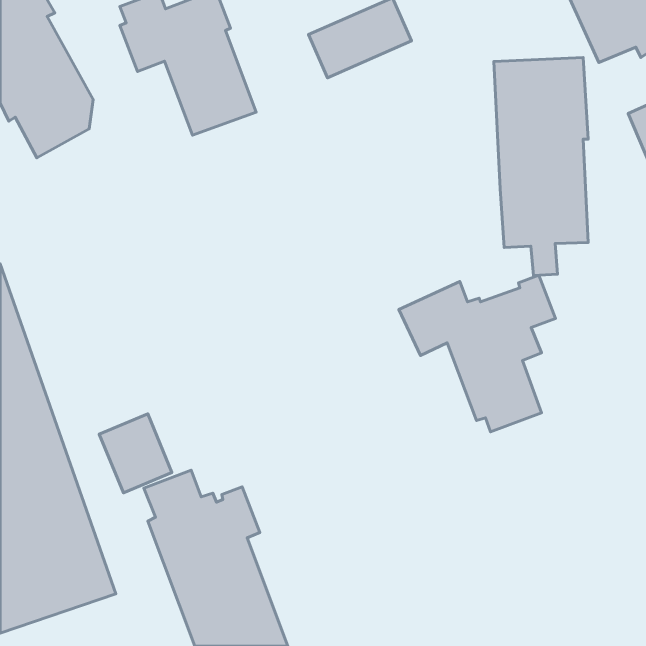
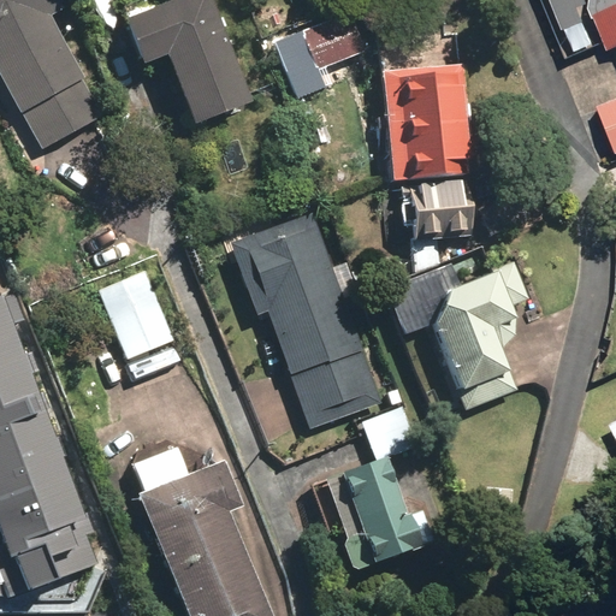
building: [494,58,588,276] -> [378,60,467,266]
building: none -> [227,212,378,433]
building: [99,414,172,493] -> [101,282,170,356]
building: none -> [319,411,427,574]

